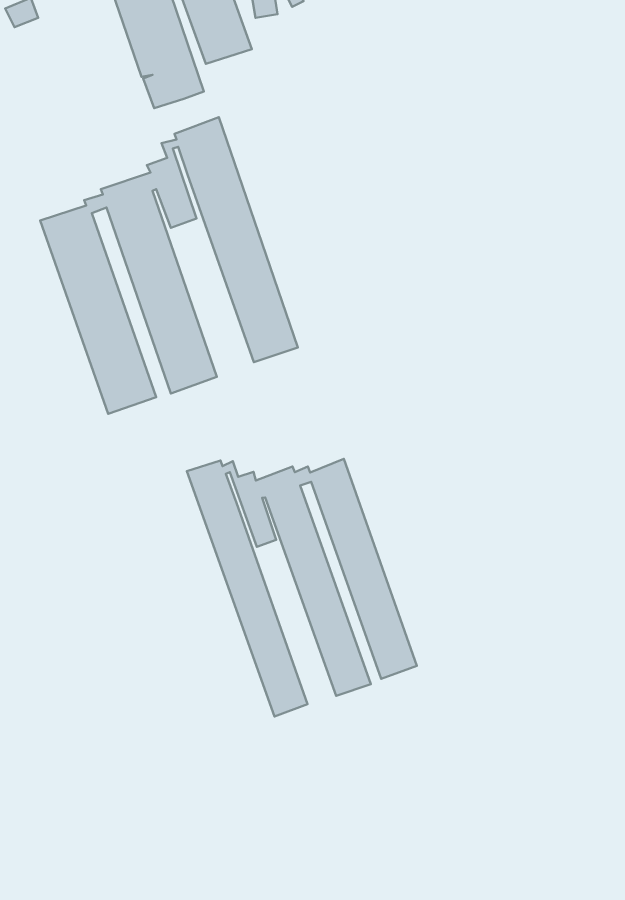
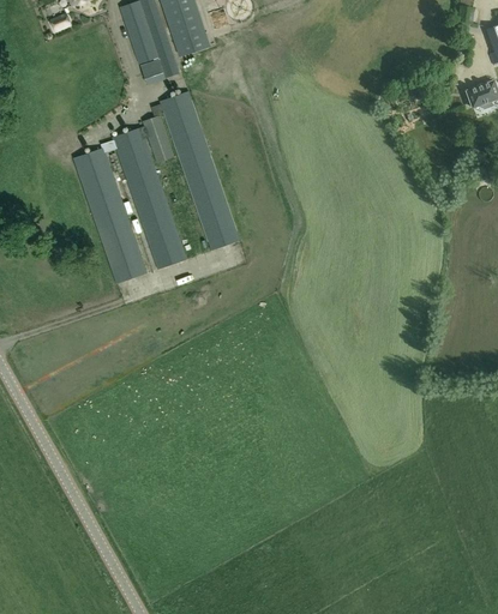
building: [187,459,417,717] -> none

